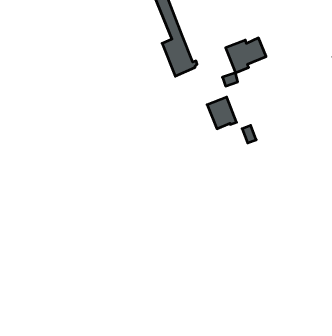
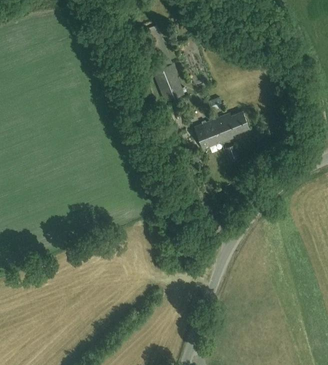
building: [226,38,266,73] -> [212,111,249,143]

